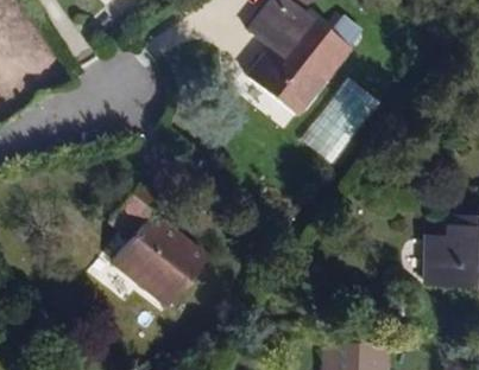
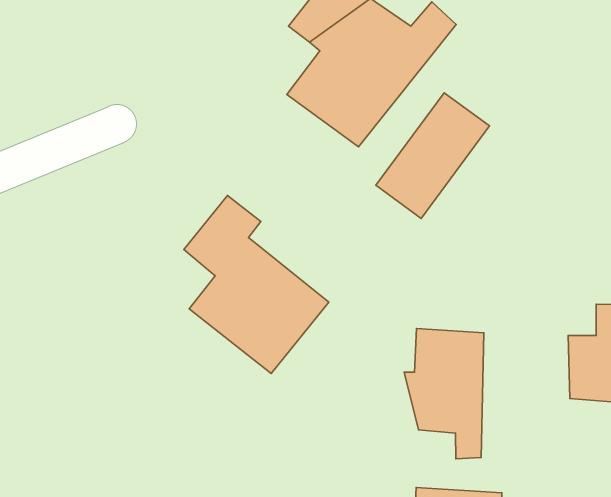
building: [103,187,202,308] -> [184,195,329,374]
building: none -> [404,329,484,459]

